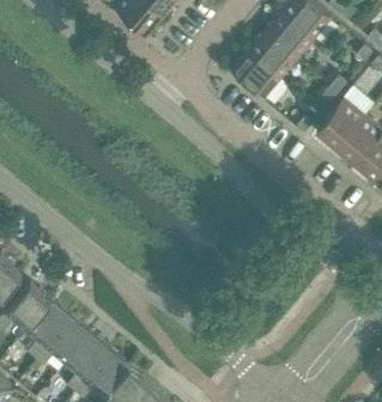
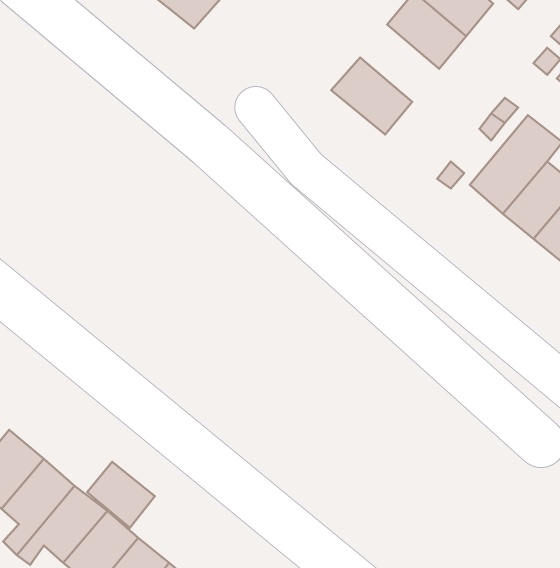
building: [247,29,296,77] -> none
building: none -> [87,462,155,528]

